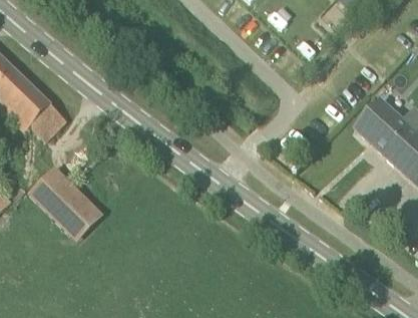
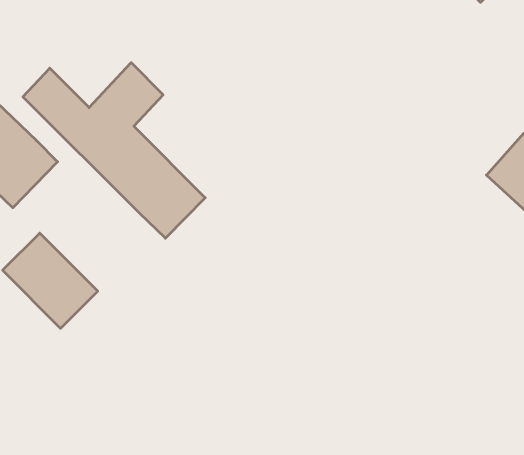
building: none -> [23,63,205,238]

